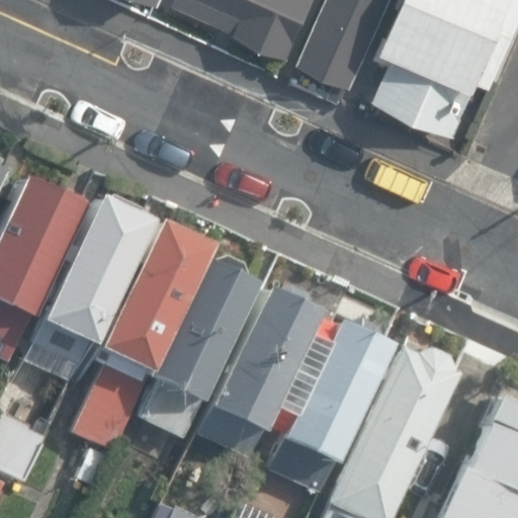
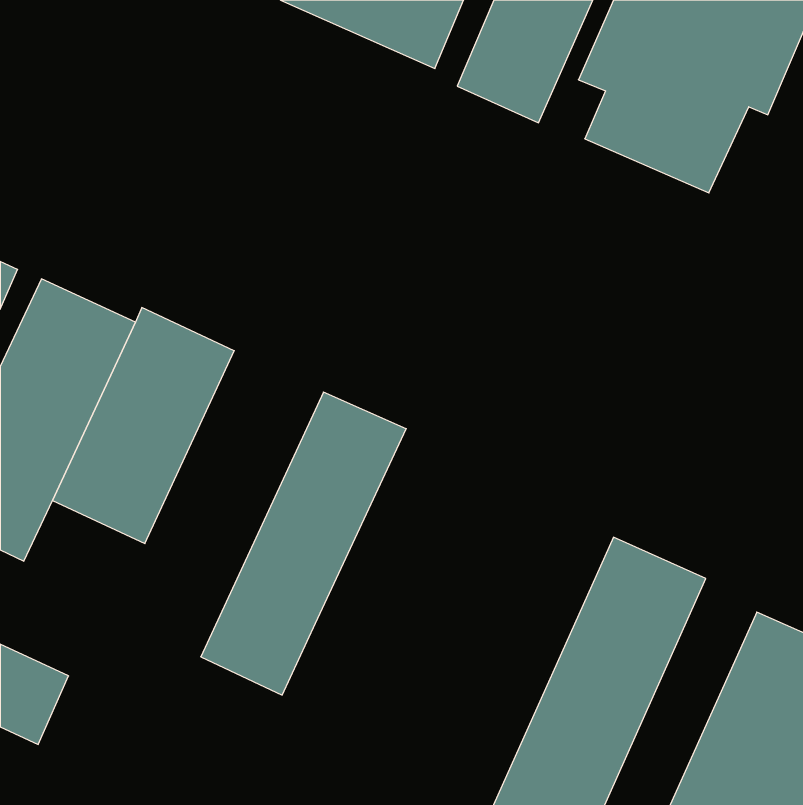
building: [79,229,212,455] -> none
building: [207,278,324,429] -> none
building: [274,317,387,480] -> none

